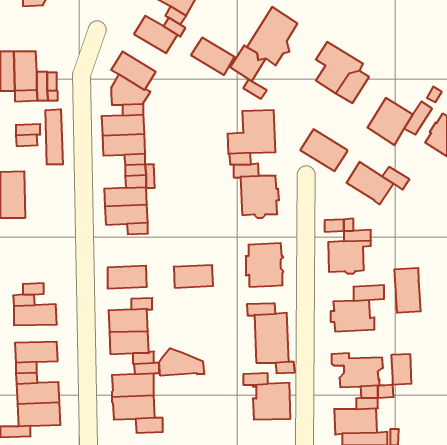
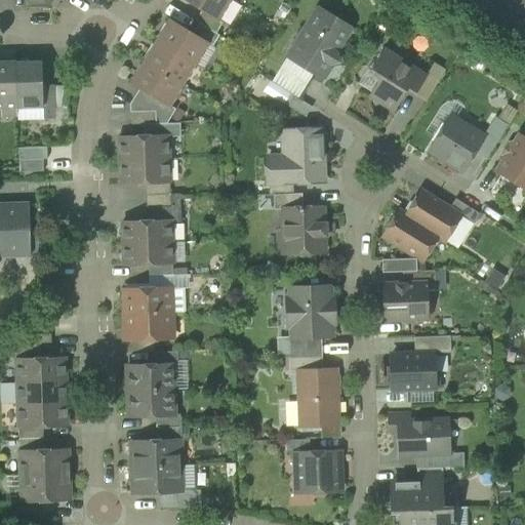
building: [191,38,235,75] -> [144,40,195,84]
building: [46,109,63,165] -> none
building: [300,129,347,171] -> [383,210,439,259]
building: [174,265,213,288] -> [125,287,171,314]
building: [395,268,421,313] -> none
building: none -> [281,335,320,357]
building: none -> [16,380,67,402]
building: [159,348,204,376] -> none
building: [391,354,411,385] -> none

